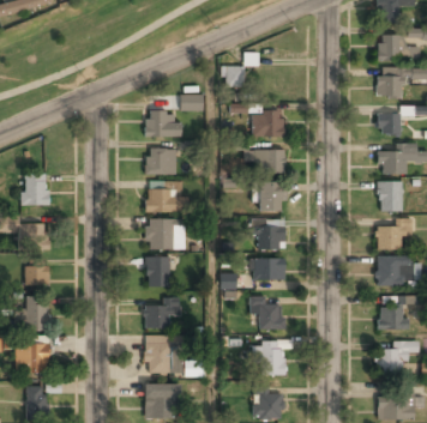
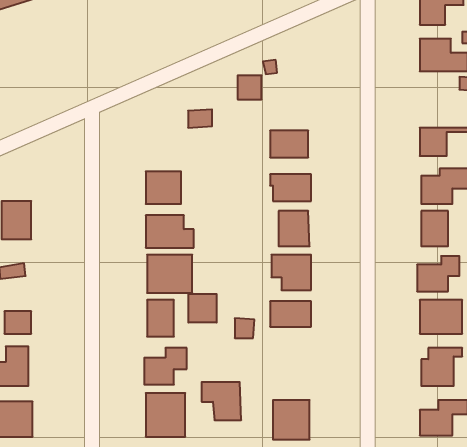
building: [378,71,402,97] -> none
building: [145,110,181,135] -> none
building: none -> [188,294,217,323]
building: [249,297,283,330] -> [202,382,241,420]

